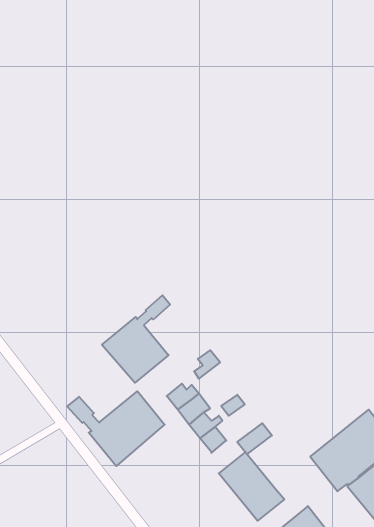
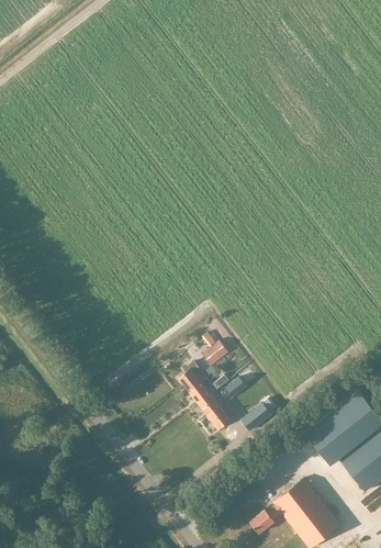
building: [102,295,170,383] -> none
building: [67,391,165,466] -> none
building: [219,452,284,521] -> none

